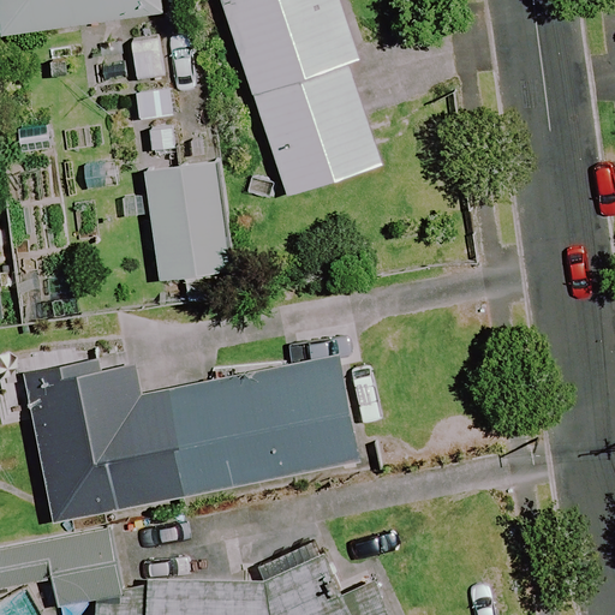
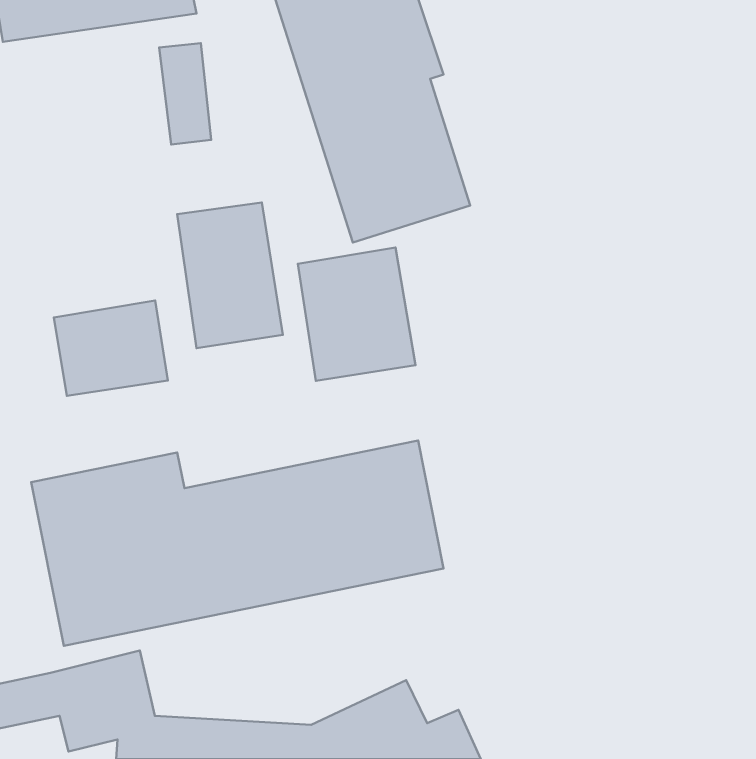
building: none -> [298,247,416,381]
building: none -> [54,300,168,396]

